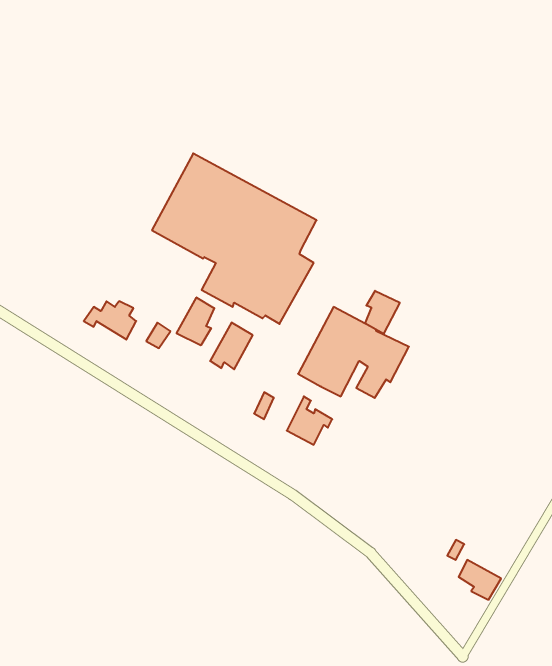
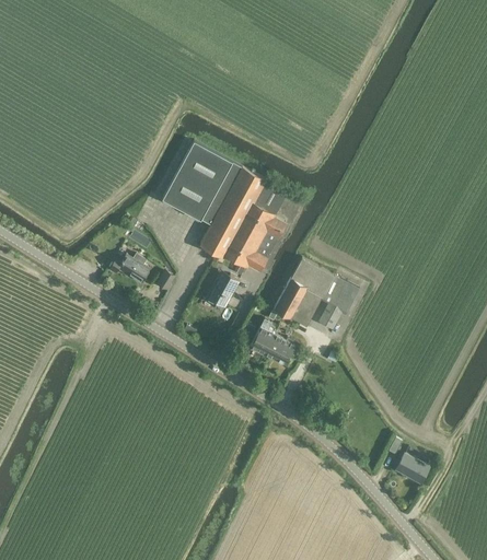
building: [365,291,400,334] -> none
building: [177,297,214,345] -> none
building: none -> [250,319,278,355]

